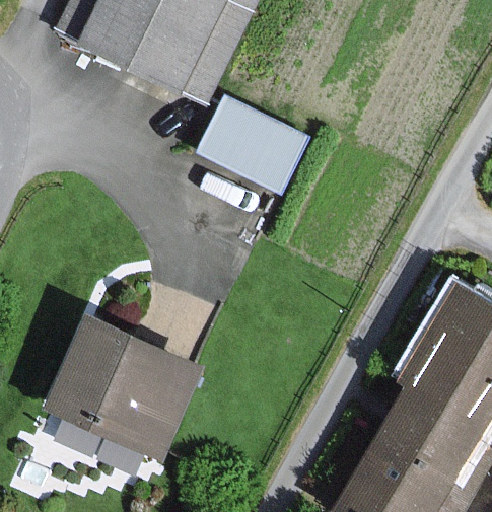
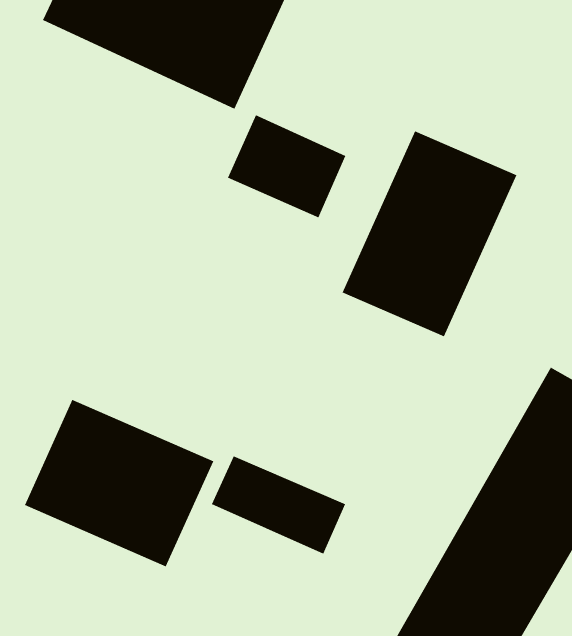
building: none -> [342,131,517,337]
building: none -> [211,455,346,554]

